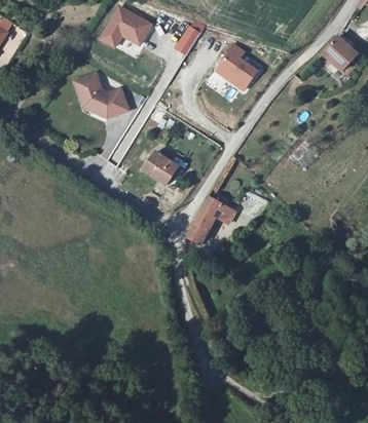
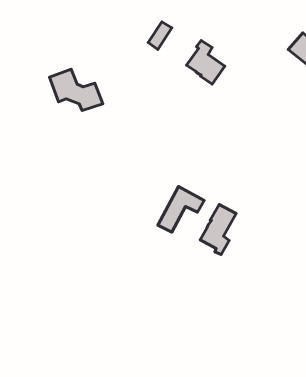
building: [102,6,152,46] -> none
building: [144,151,179,185] -> none
building: none -> [200,205,236,254]

